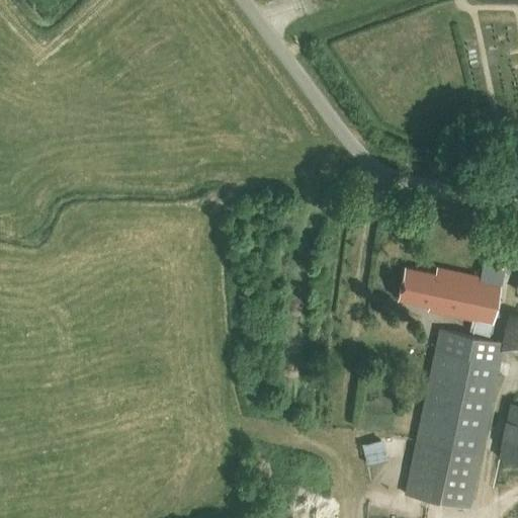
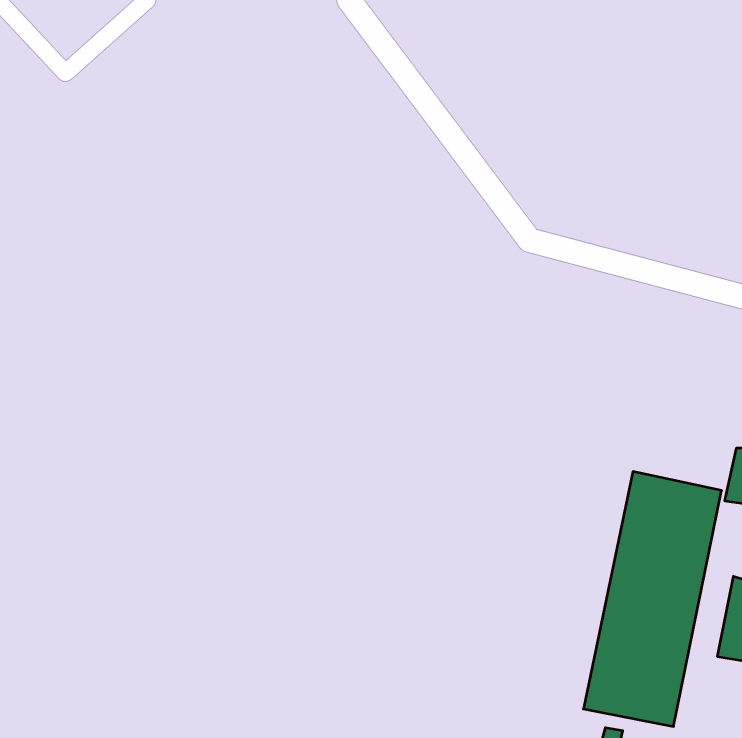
building: [398,267,505,339] -> none

